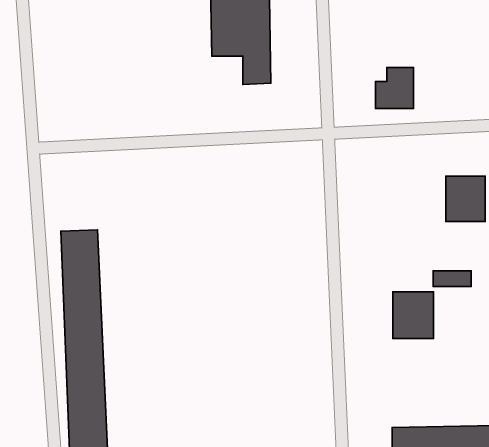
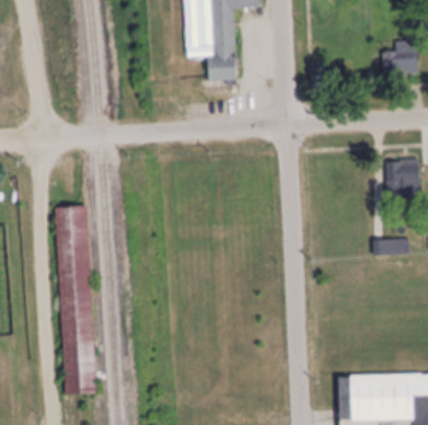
building: [375,67,413,108] -> [383,40,416,75]
building: [393,292,433,338] -> none

